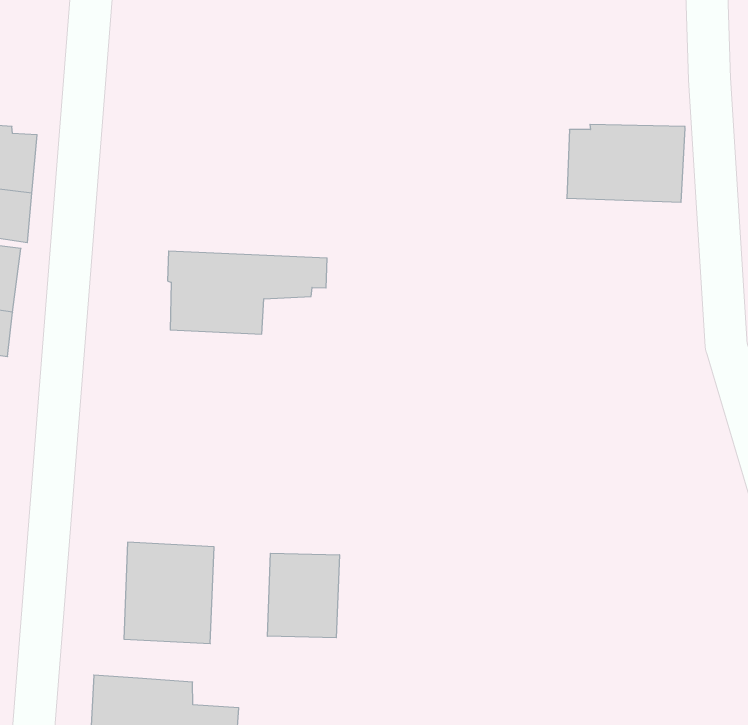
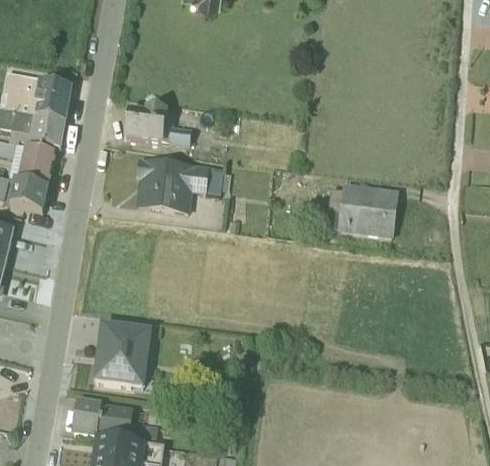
building: [567,124,685,202] -> [324,192,395,241]
building: none -> [125,112,190,151]
building: [267,553,339,638] -> none

